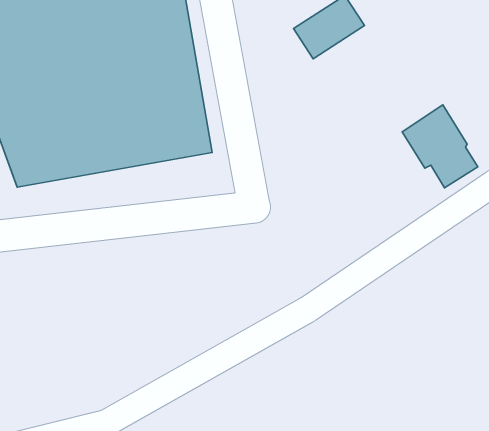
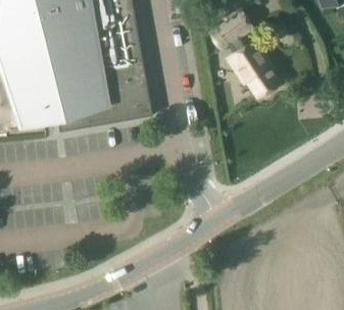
building: [402,105,478,188] -> [228,41,279,97]

